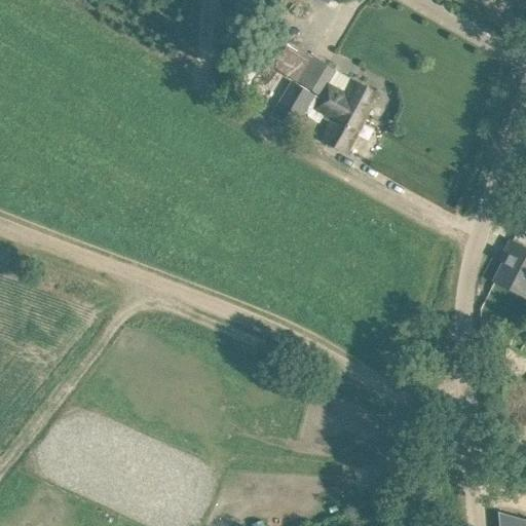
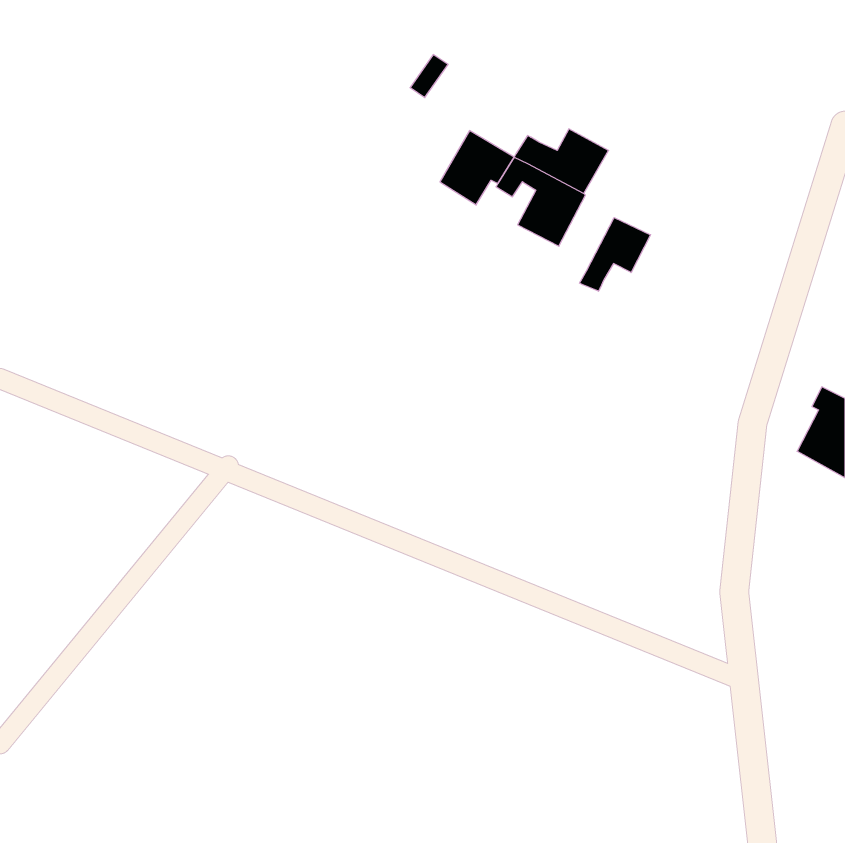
building: [273,41,338,96] -> none
building: none -> [580,218,651,291]

